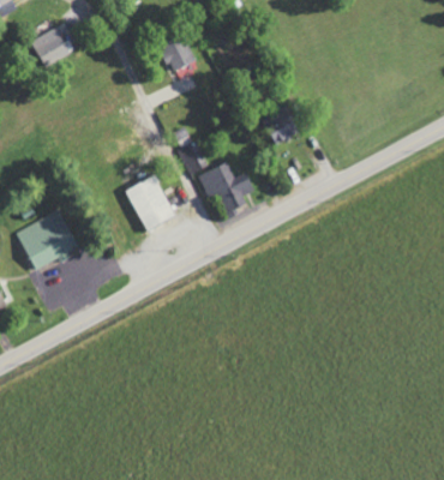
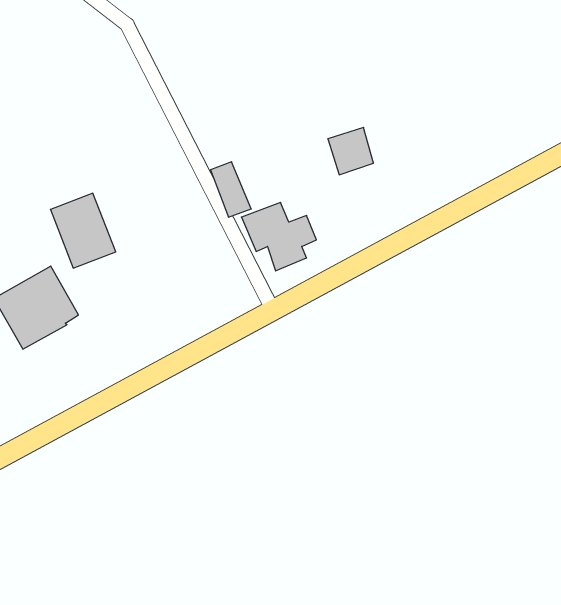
building: [30,28,74,66] -> none
building: [158,34,196,72] -> none
building: [126,175,174,230] -> [50,193,116,268]

